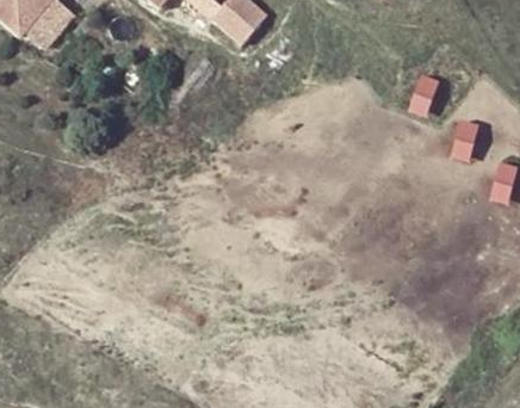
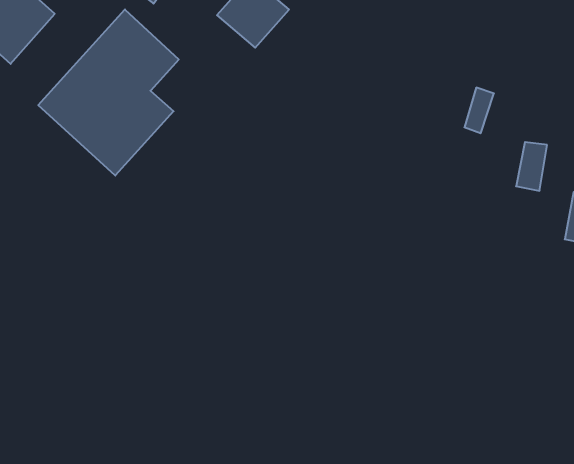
building: none -> [38,9,179,176]

